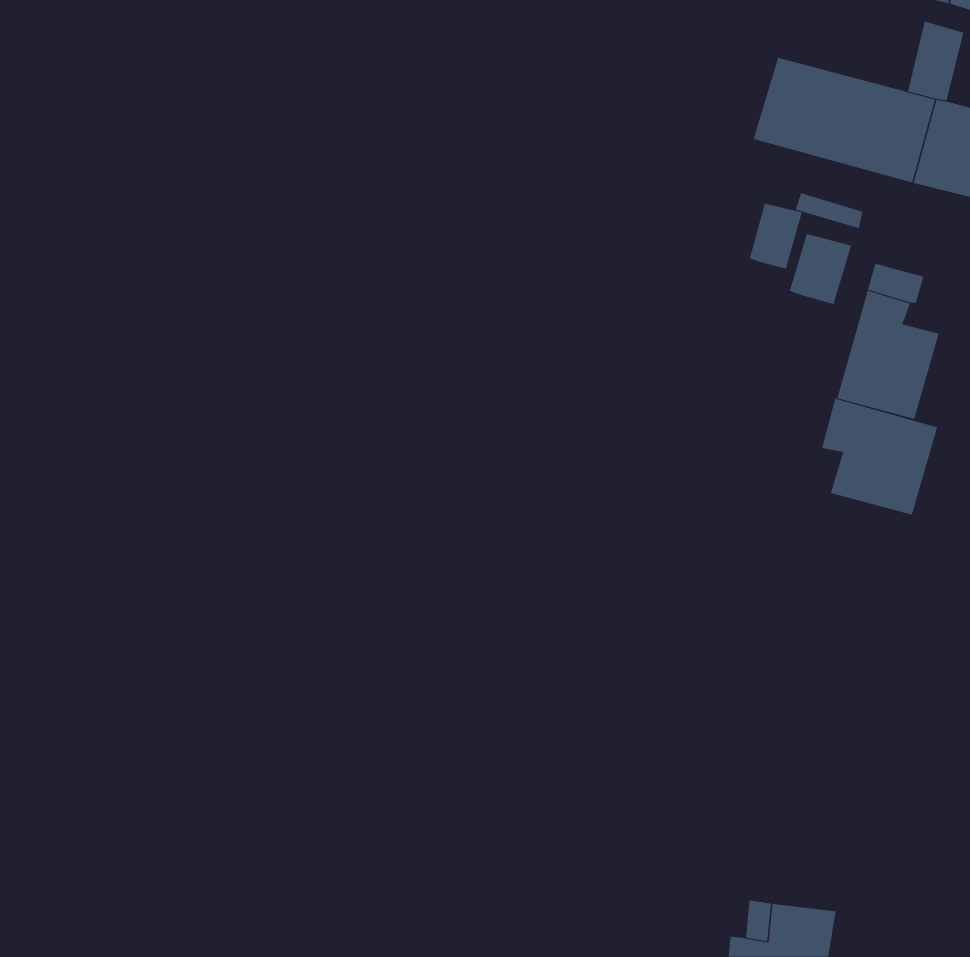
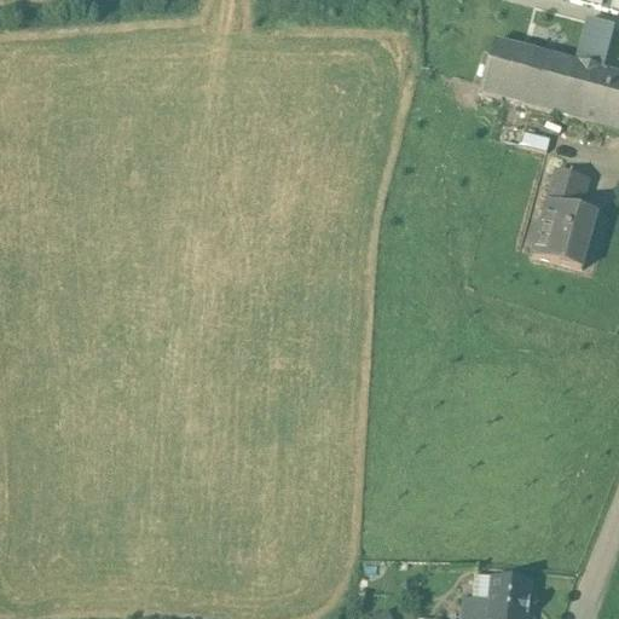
building: [749,203,802,269] -> none
building: [789,233,852,305] -> none
building: [822,398,938,516] -> none

